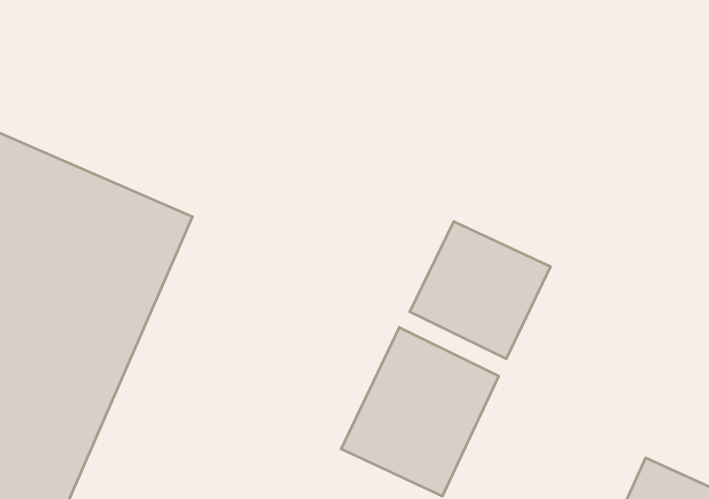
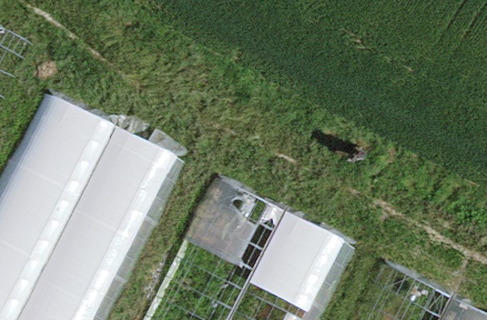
building: [410,221,550,359] -> none

